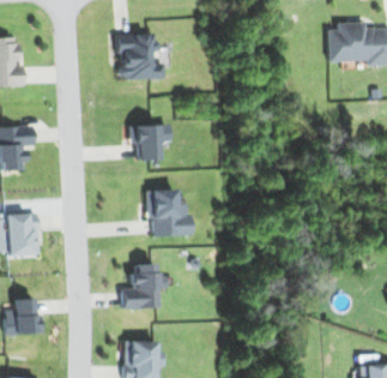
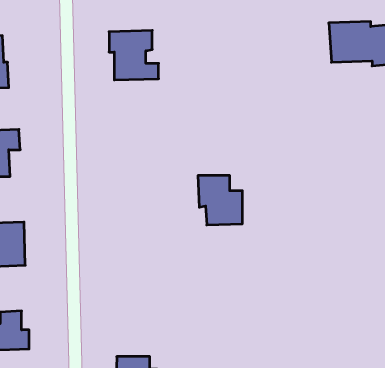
building: [138,125,170,161] -> none
building: [147,190,189,236] -> [198,176,242,225]
building: [123,264,159,308] -> none

